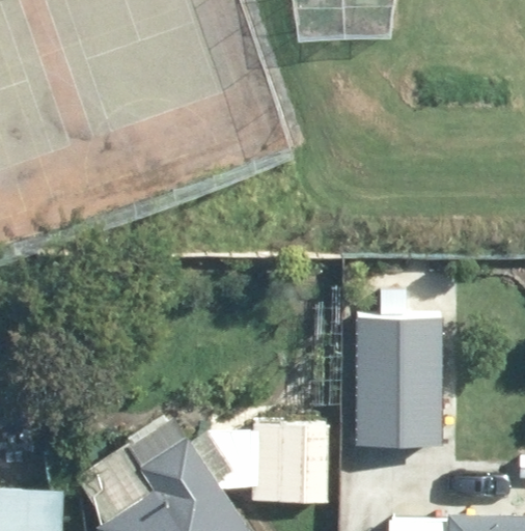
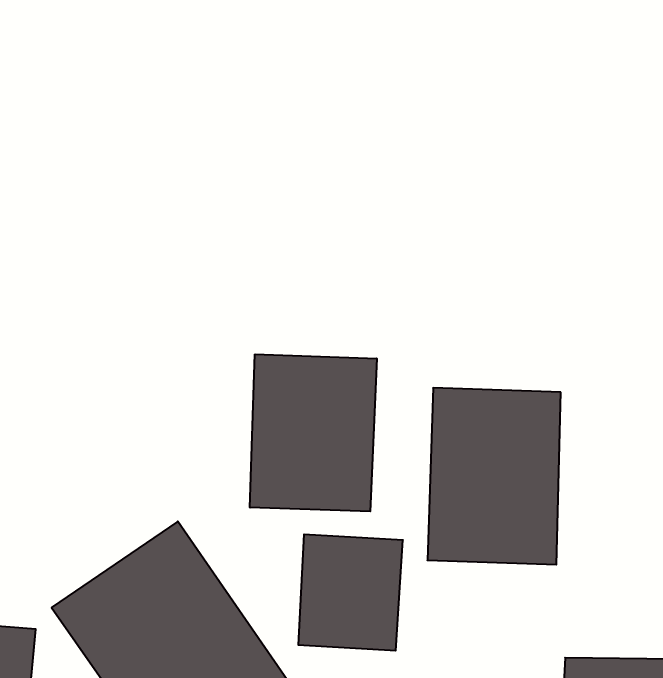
building: none -> [250,354,377,511]

